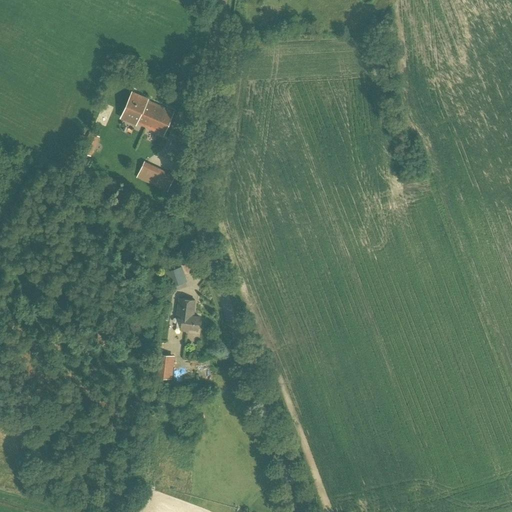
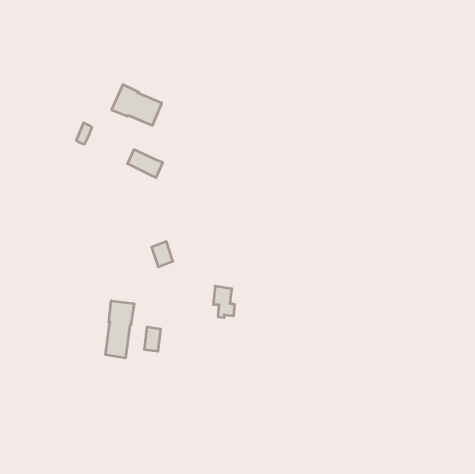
building: [176,298,199,332] -> [213,286,235,318]
building: none -> [105,301,134,358]

